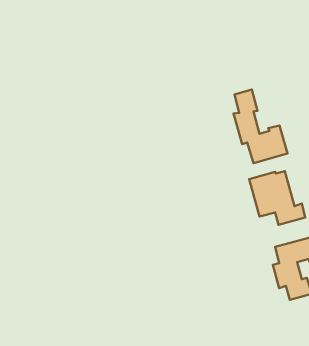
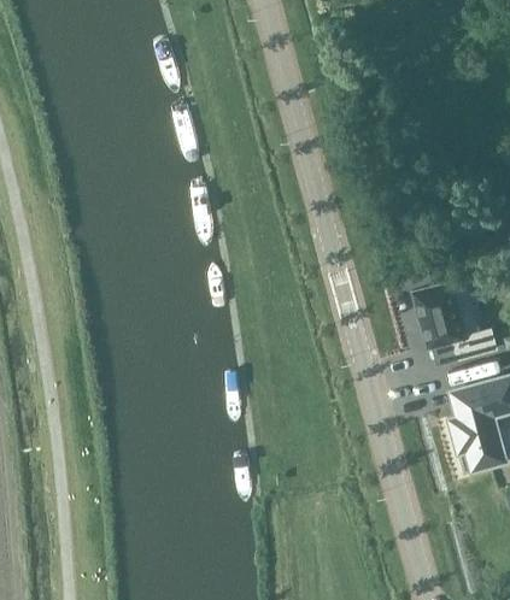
building: [234,89,288,163] -> none

